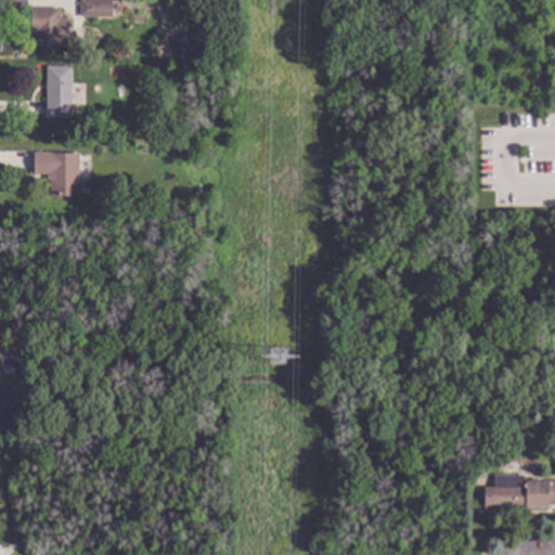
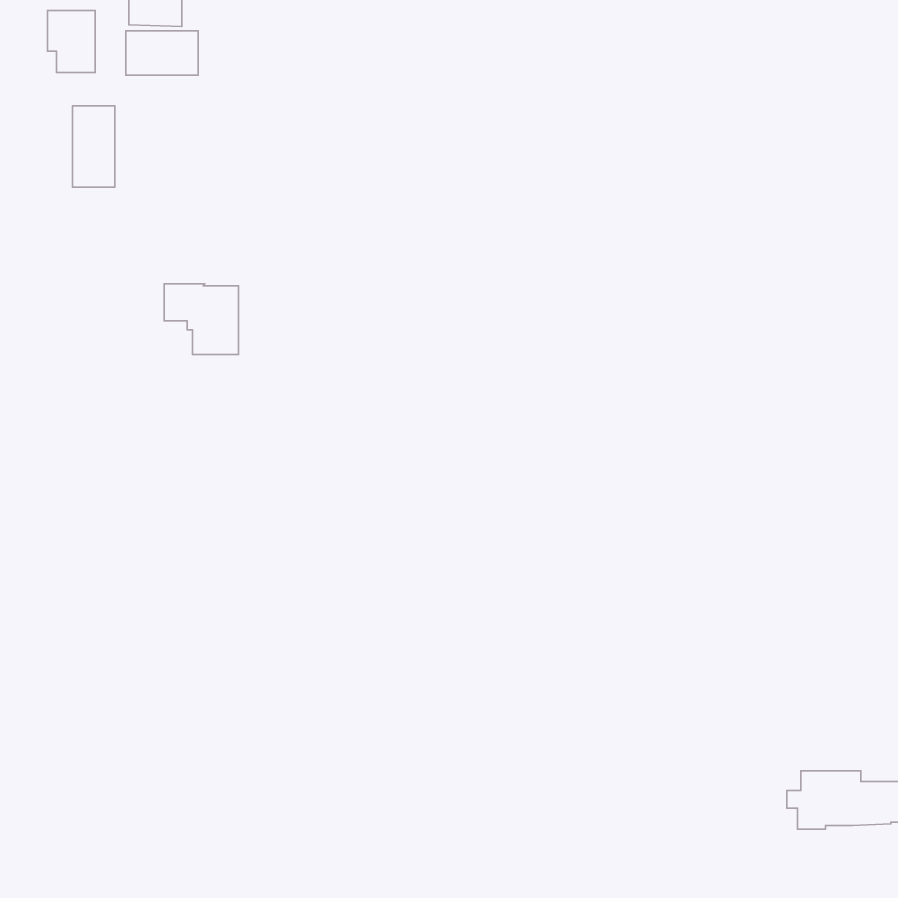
building: none -> [126,31,198,75]
building: [34,151,79,194] -> [164,284,238,354]

